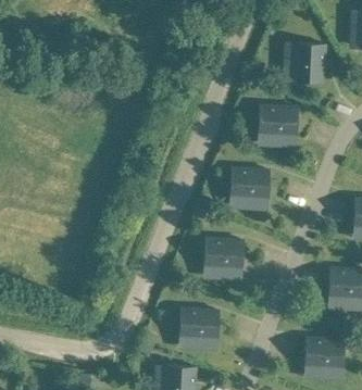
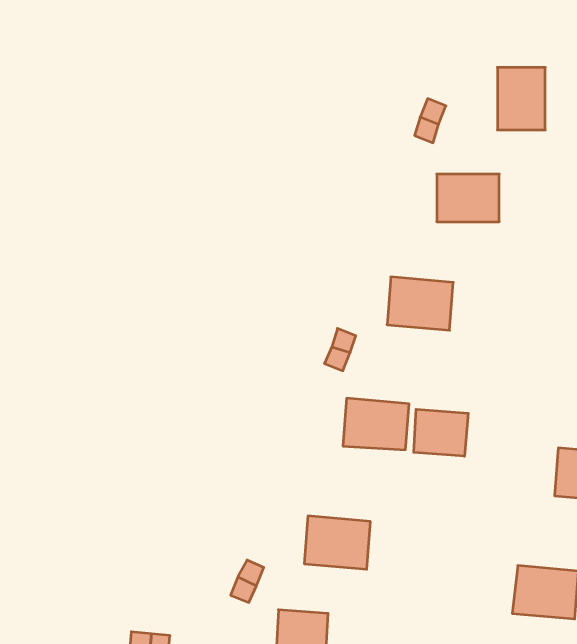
building: none -> [414,409,468,456]

